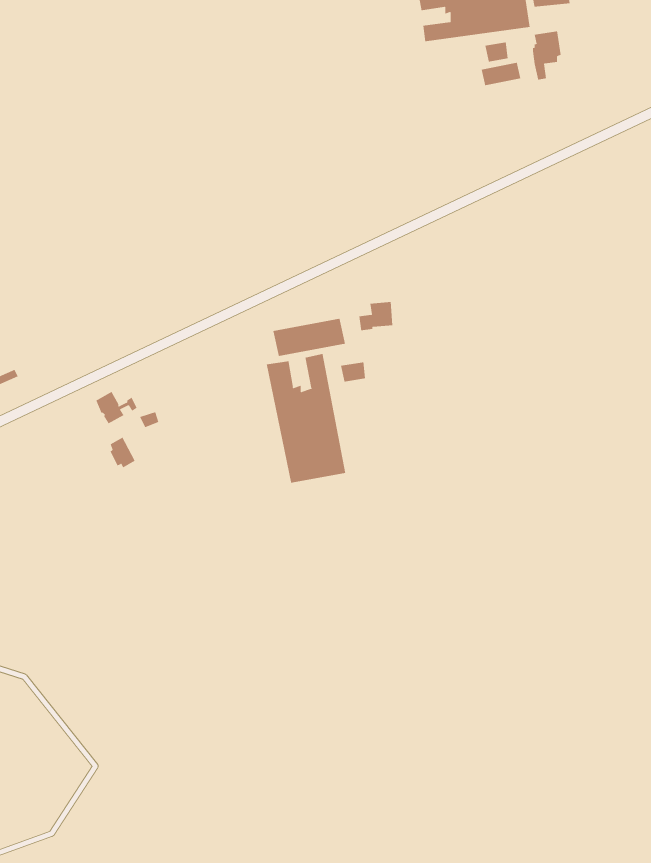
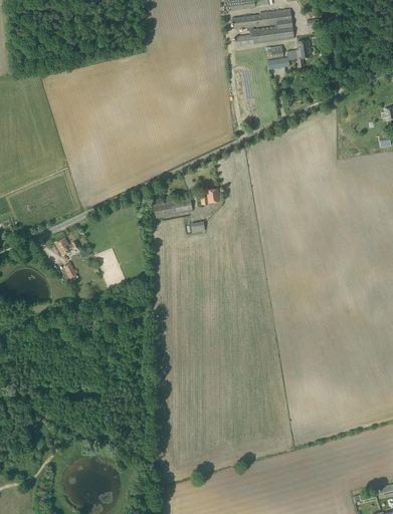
building: [266,353,346,483] -> none

